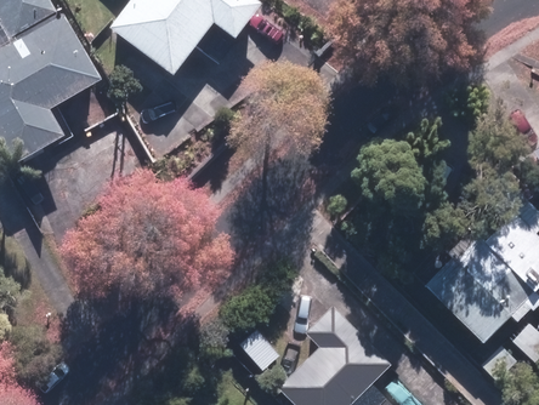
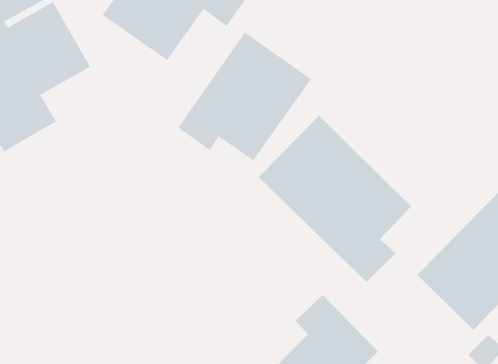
building: none -> [178,31,312,161]
building: none -> [258,115,412,283]

